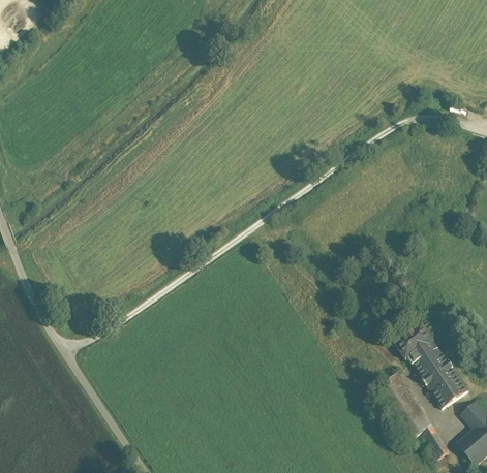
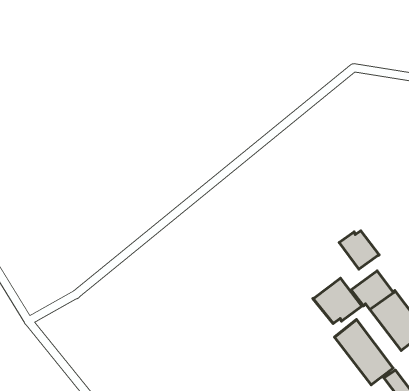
building: none -> [339,231,379,269]
building: none -> [313,278,362,324]

